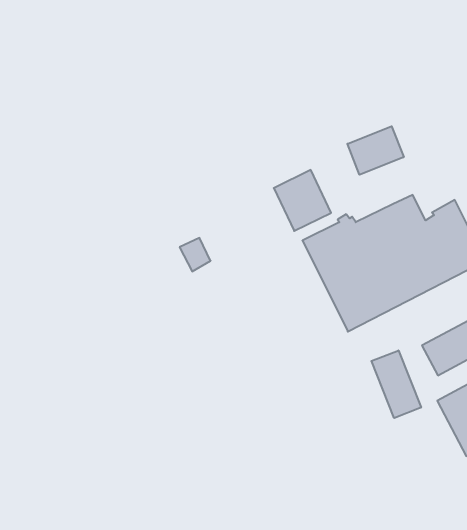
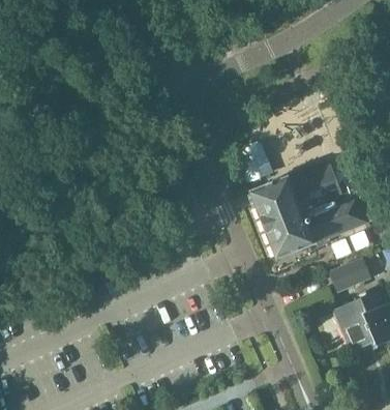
building: [347,126,404,175] -> none
building: [371,350,421,418] -> none

